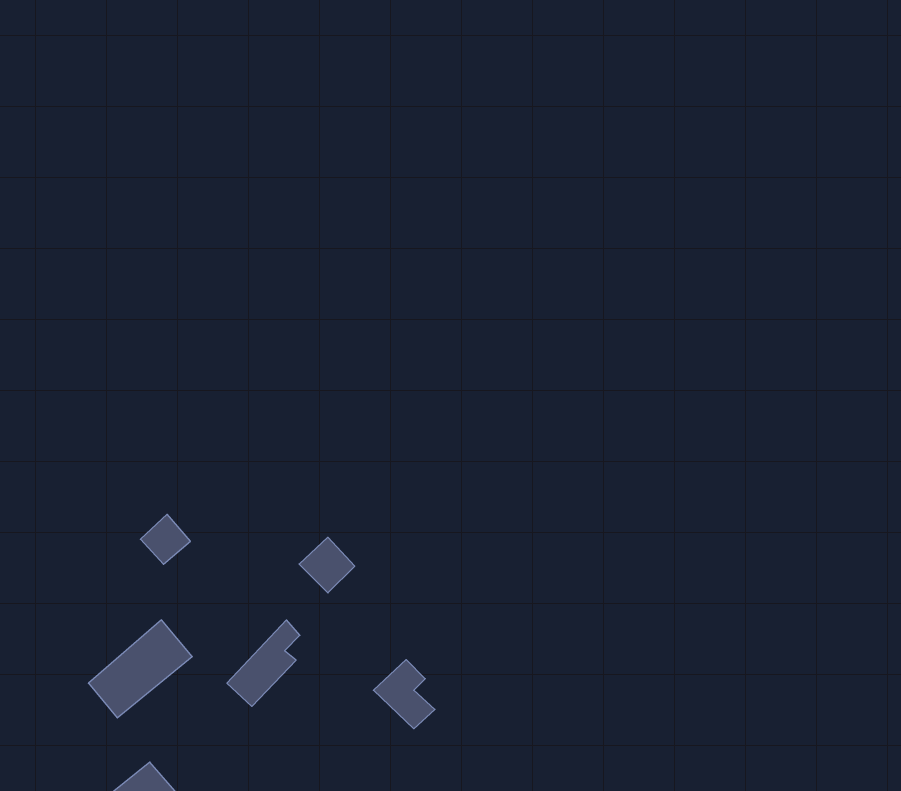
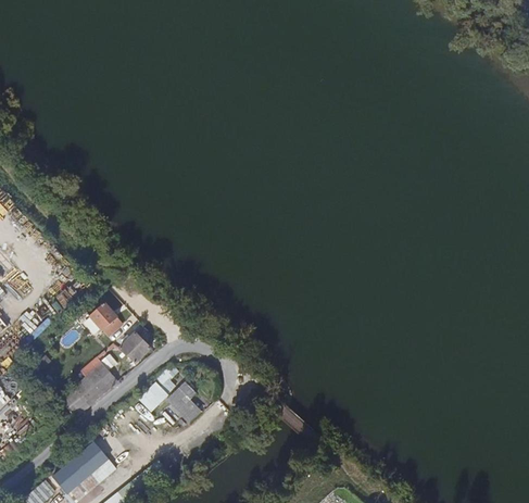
building: [299,537,355,593] -> [118,332,150,364]
building: [373,660,435,729] -> [166,382,201,422]

